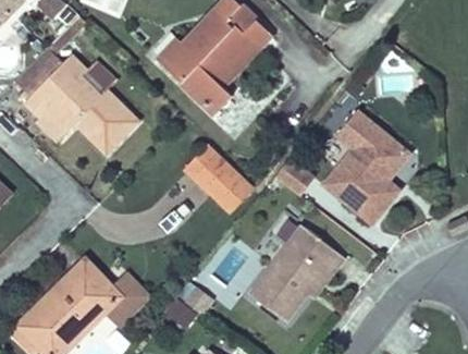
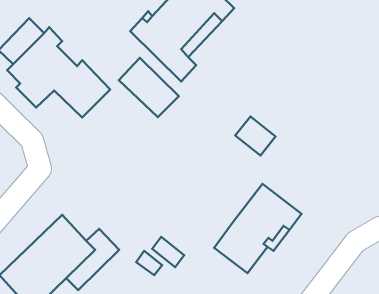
building: [323,110,409,223] -> none
building: [184,146,249,210] -> [119,58,179,117]

